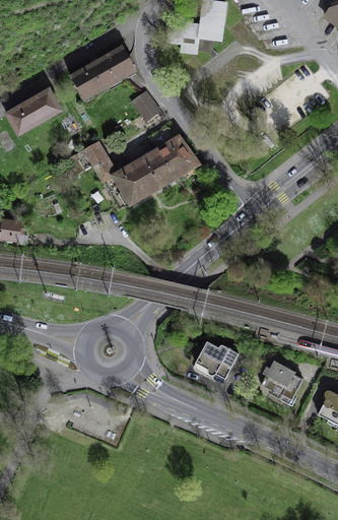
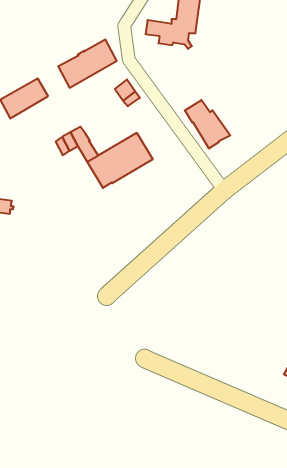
building: [148,125,198,178] -> [185,100,230,148]
building: [196,344,239,378] -> none
building: [261,361,302,399] -> none

